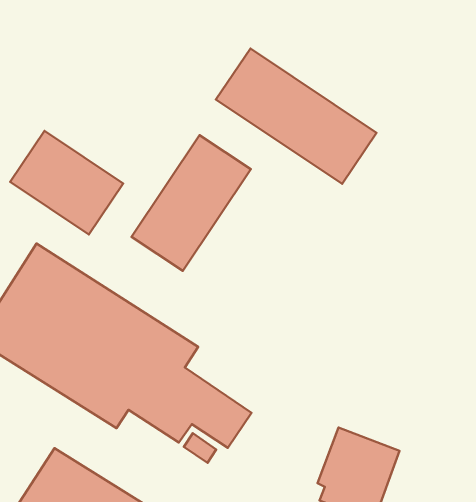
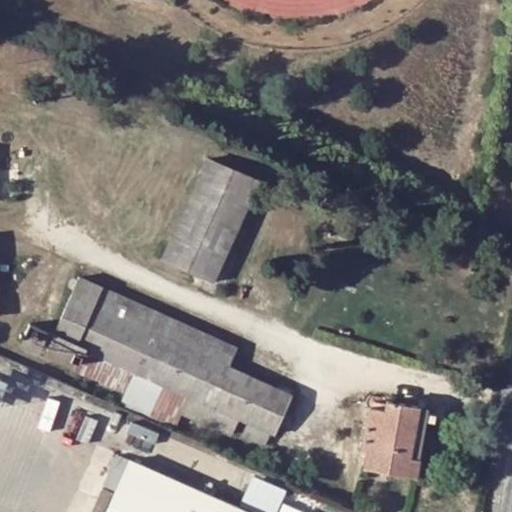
building: [216,49,377,184] -> none
building: [10,131,123,234] -> none

